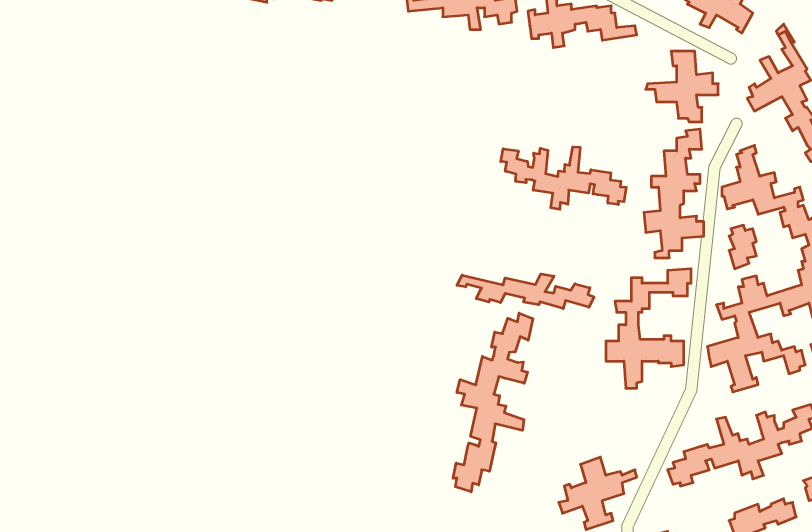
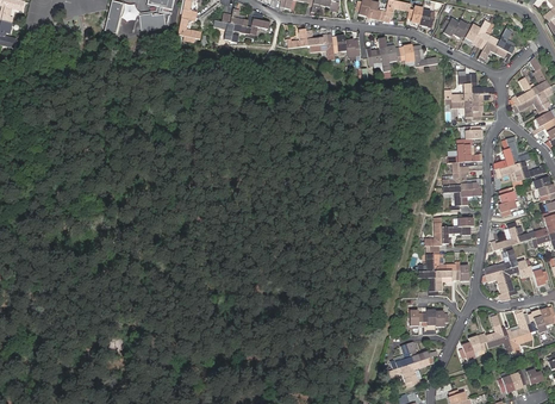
building: [501,147,626,209] -> none
building: [457,274,594,309] -> none
building: [453,313,533,492] -> none
building: none -> [409,309,448,327]

